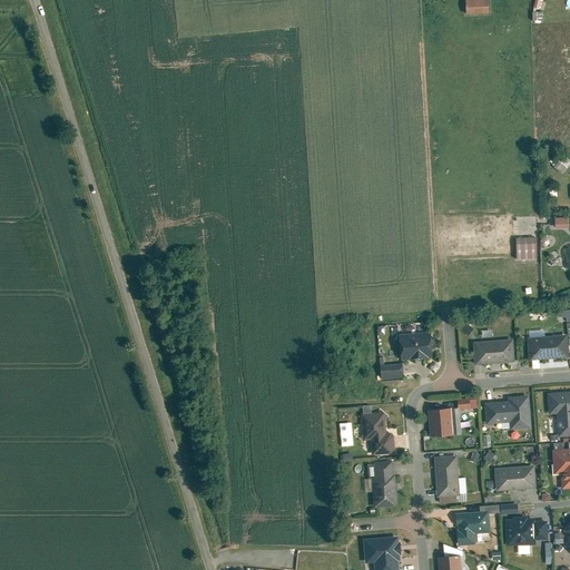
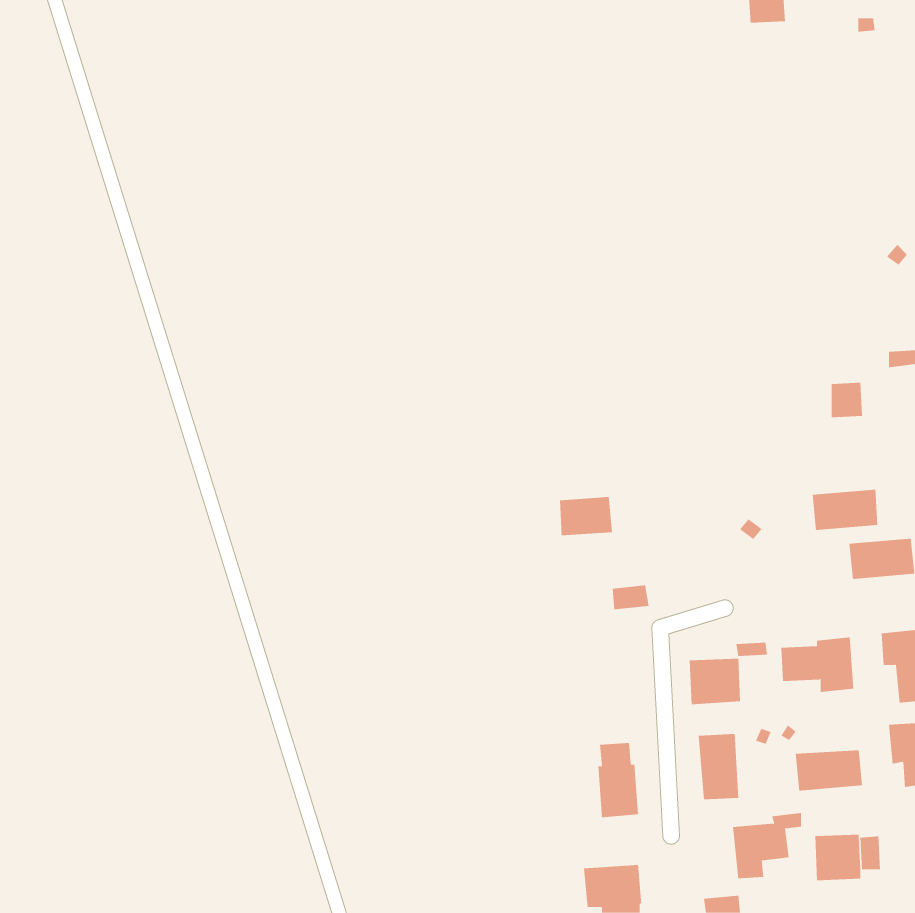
building: [400,335,433,360] -> [559,497,613,536]
building: [473,338,514,364] -> [812,489,878,530]
building: [361,412,394,454] -> none

